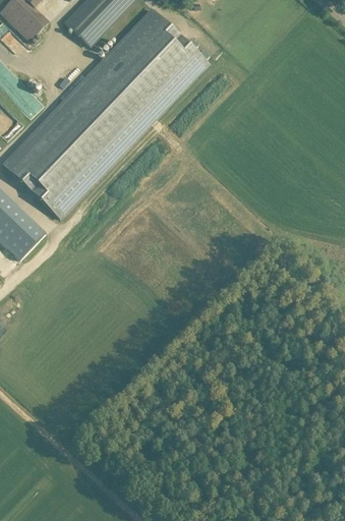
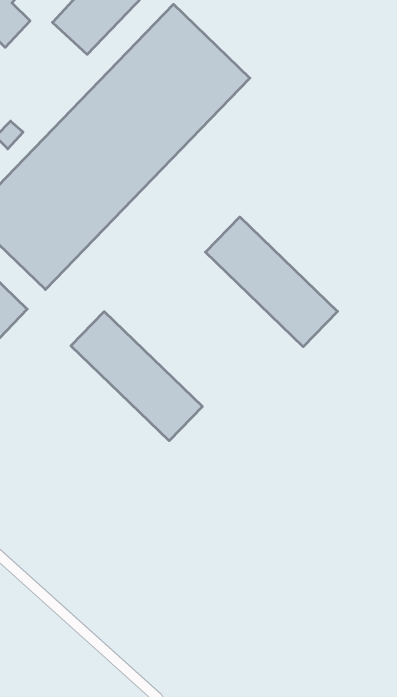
building: none -> [205,217,338,347]
building: none -> [71,312,202,441]

